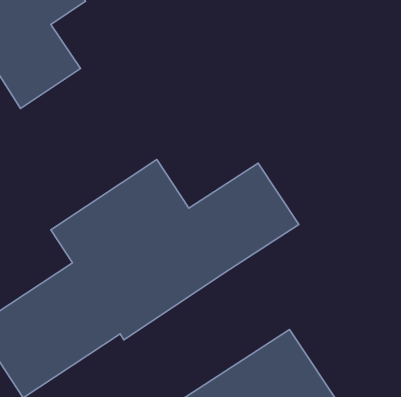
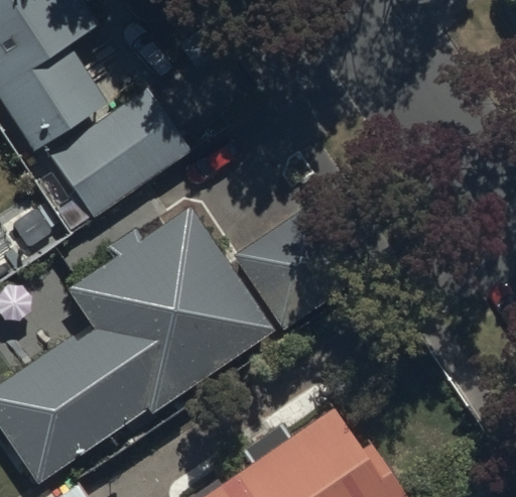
building: none -> [46,90,185,216]

